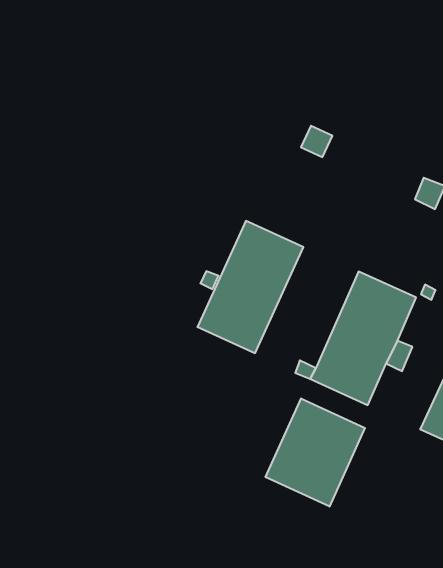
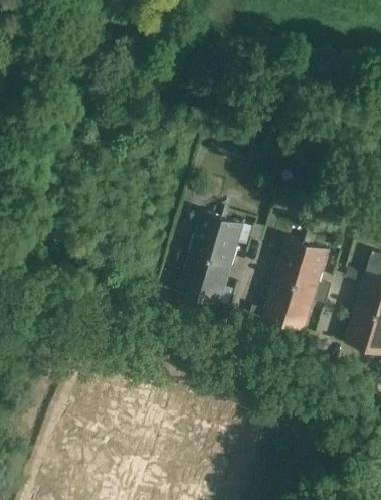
building: [266,398,365,507] -> none

